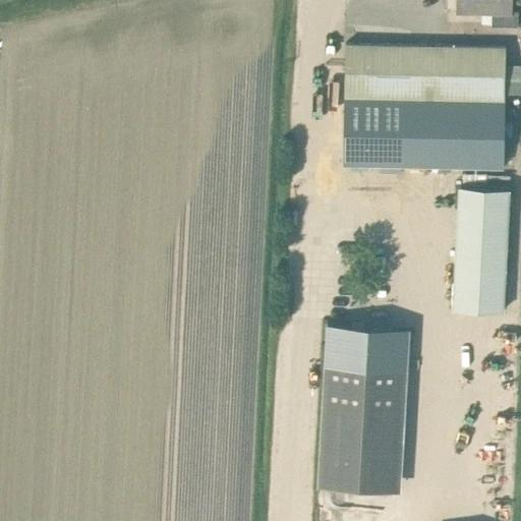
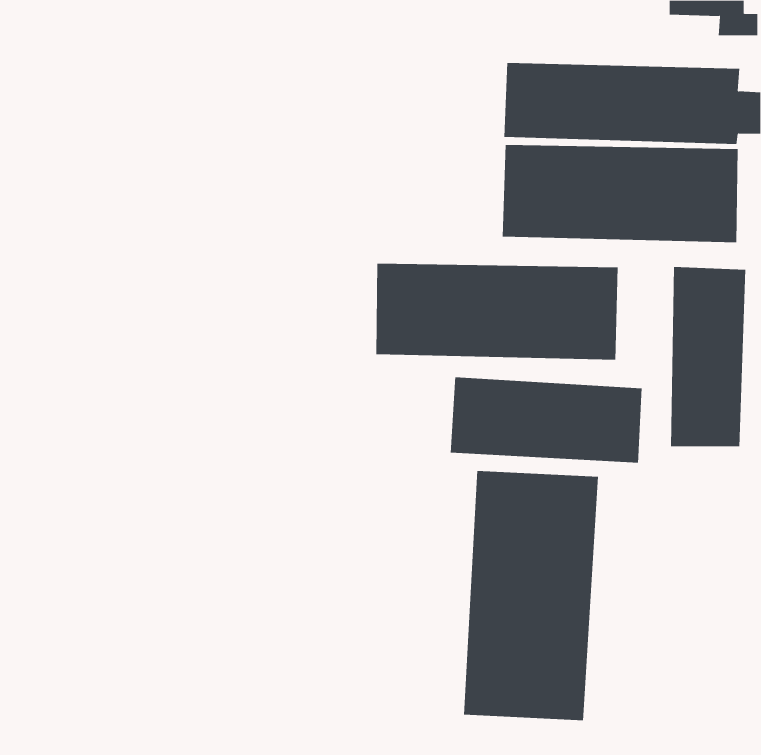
building: none -> [376,263,618,360]
building: none -> [450,376,642,464]

